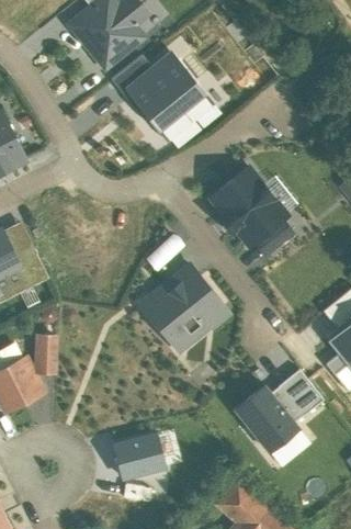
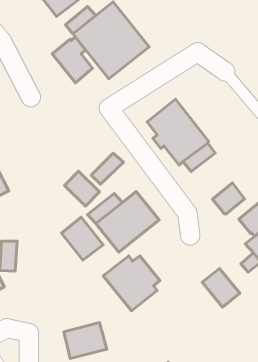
building: none -> [52,37,92,83]
building: none -> [65,171,99,206]
building: none -> [212,183,244,214]
building: none -> [62,217,103,260]
building: [235,386,303,452] -> [103,256,160,311]

